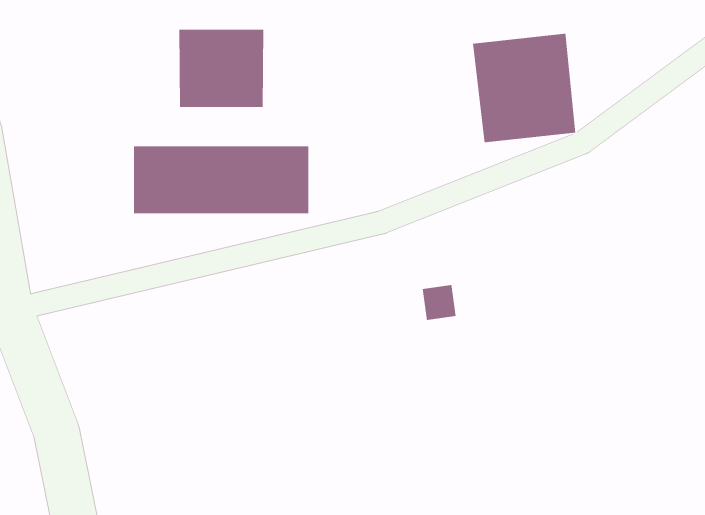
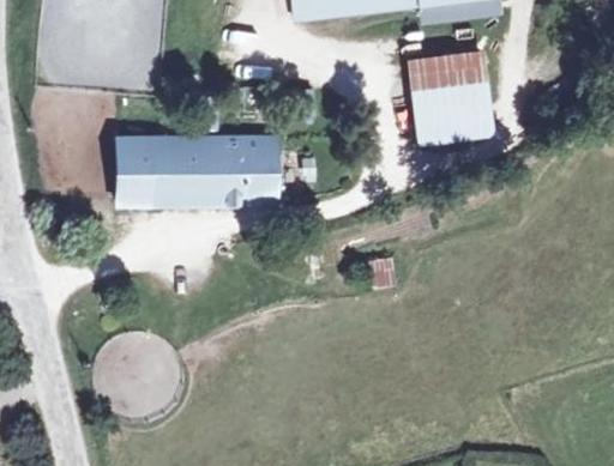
building: [179,29,264,108] -> none

